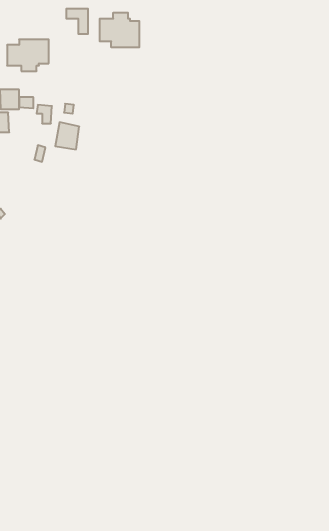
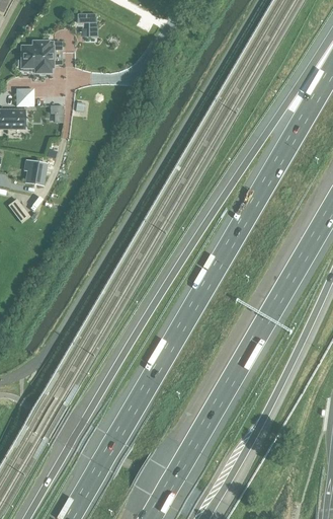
building: [100,13,139,47] -> none
building: [55,122,79,149] -> [24,159,47,184]

